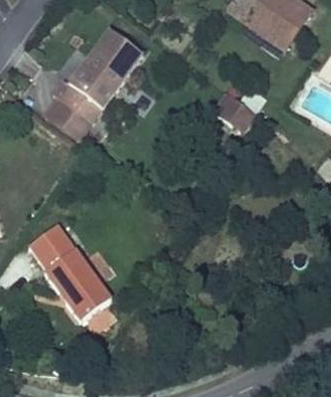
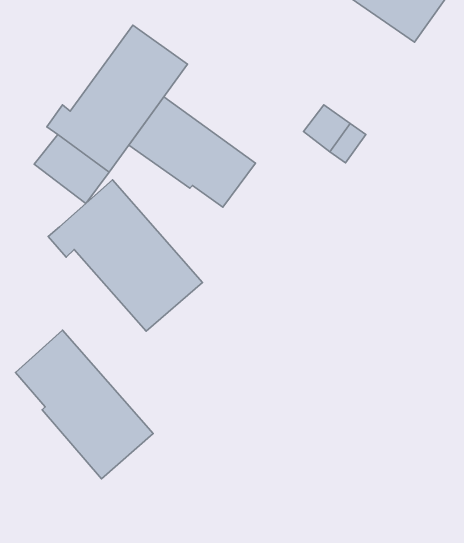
building: none -> [129,97,255,207]
building: none -> [48,180,203,331]

